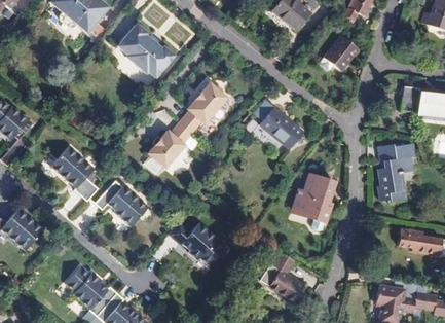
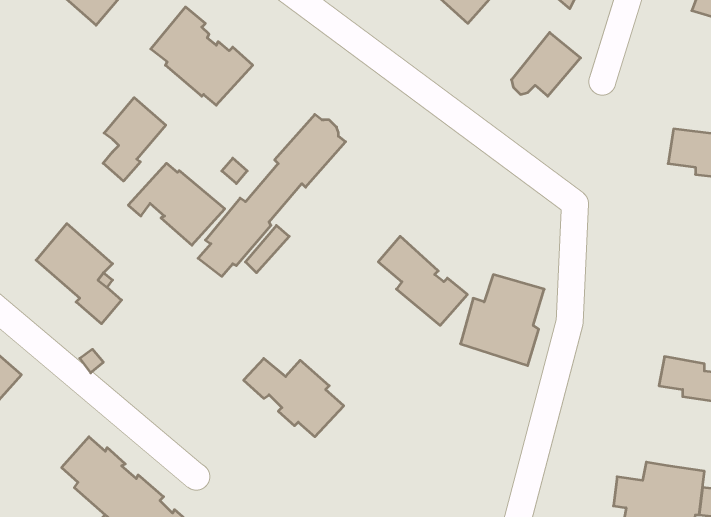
building: none -> [103,98,166,181]
building: [255,101,305,151] -> [378,236,467,325]
building: [378,144,413,204] -> none
building: [92,181,147,227] -> [128,163,225,245]
building: [268,253,304,300] -> none

